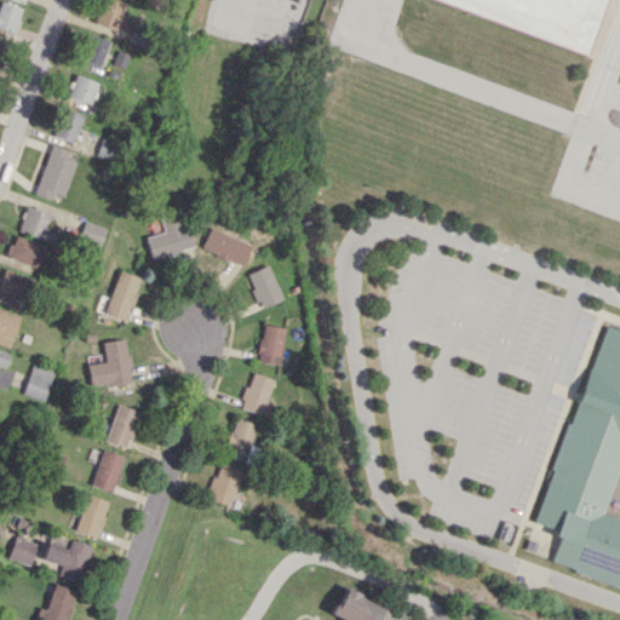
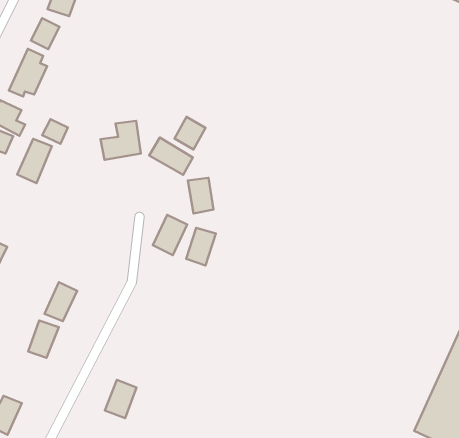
building: none -> [174,117,206,149]
building: [107,271,142,321] -> [17,139,52,183]
building: [88,339,134,389] -> none
building: [242,372,279,417] -> [153,215,187,255]
building: [225,418,260,461] -> none
building: [209,464,242,506] -> [105,380,136,418]
building: [75,495,110,538] -> none

